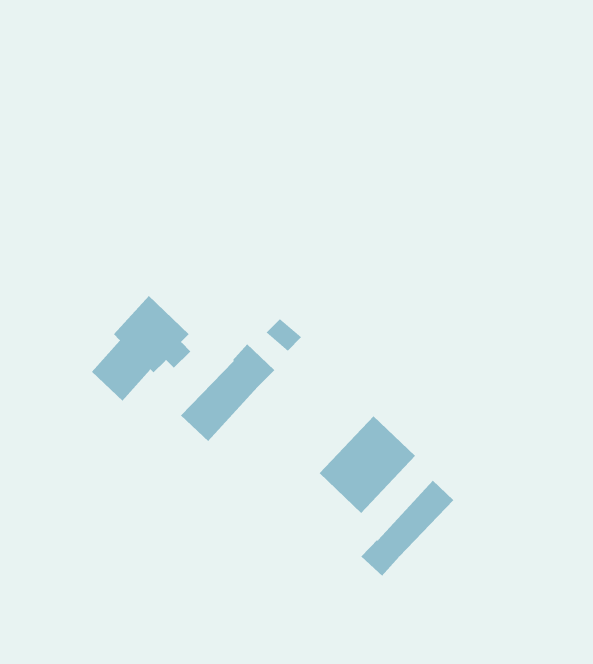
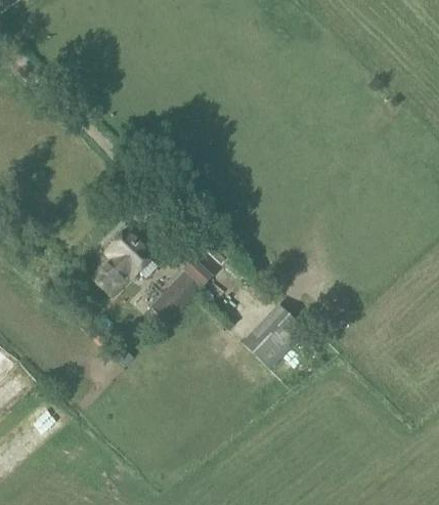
building: [361,480,454,576] -> none

